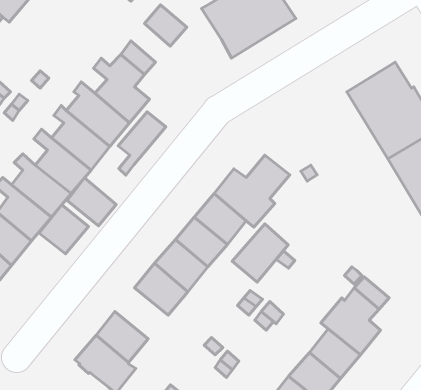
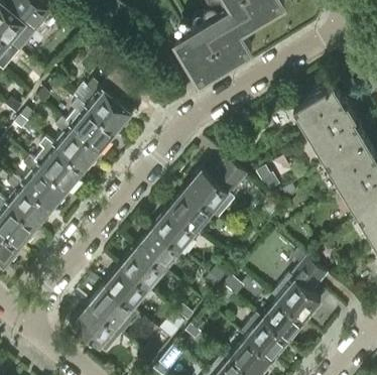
building: [145,5,187,46] -> none
building: [118,112,166,175] -> none
building: [67,178,116,226] -> none
building: [39,205,88,254] -> none
building: [232,224,288,282] -> none
building: none -> [103,269,146,310]

